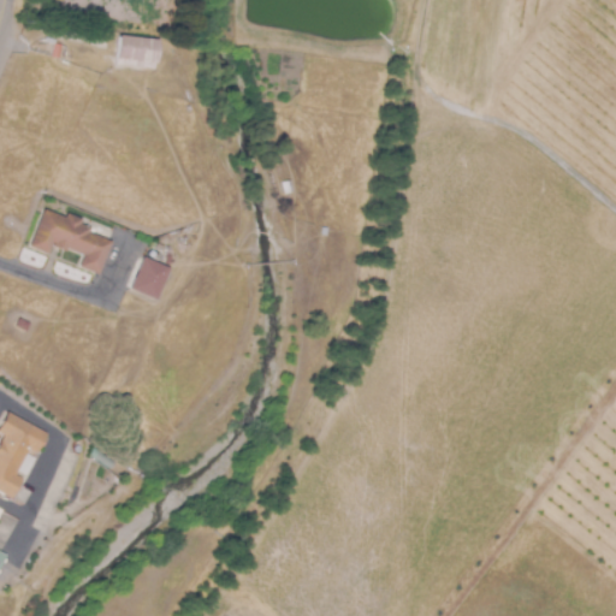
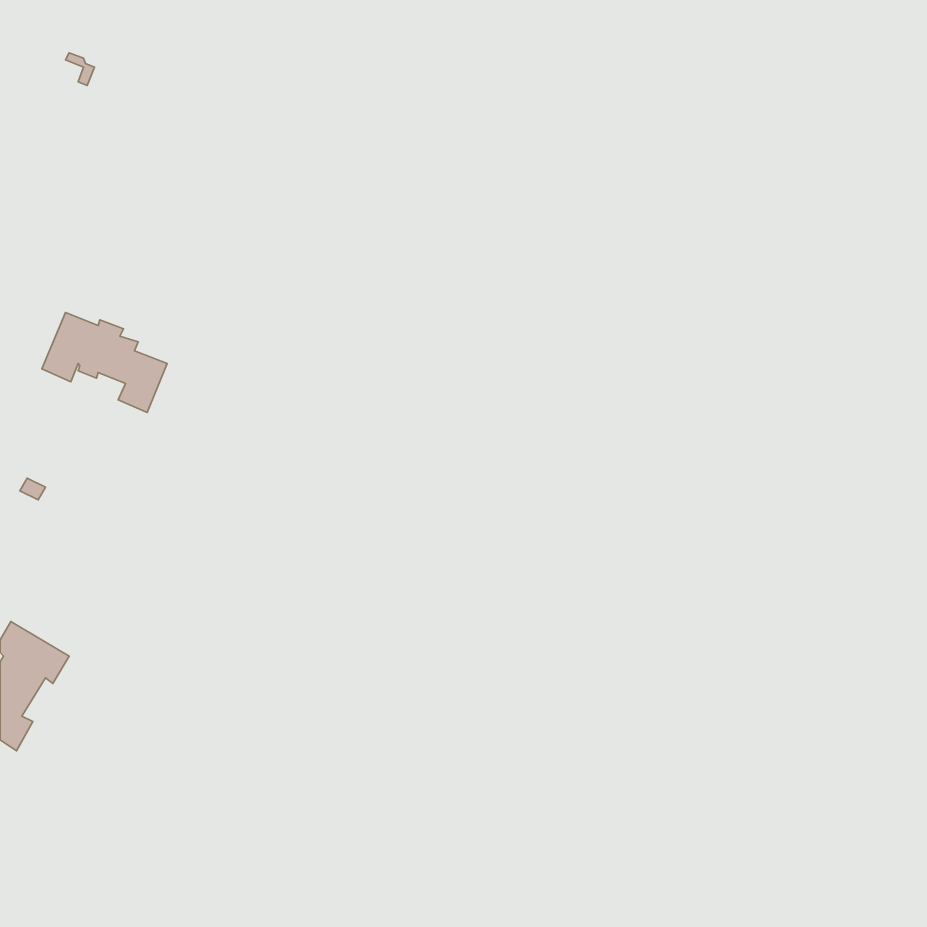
building: [118,34,158,63] -> none
building: [131,257,170,301] -> none

